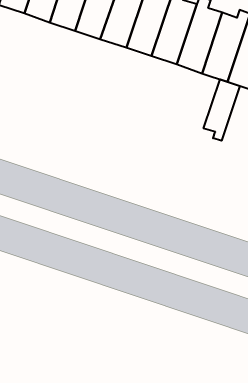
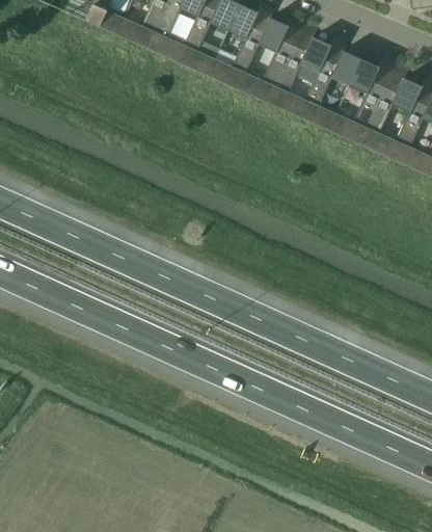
building: [204,79,240,141] -> none

